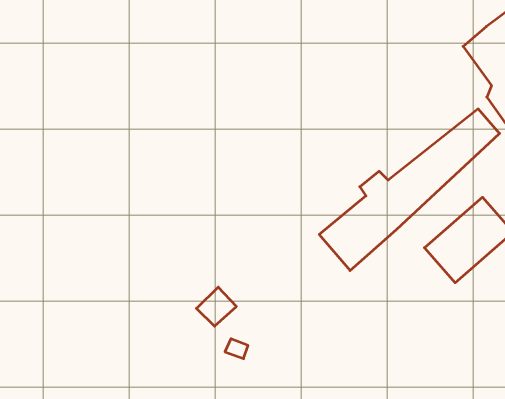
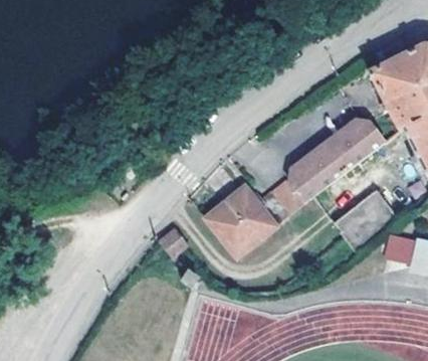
building: none -> [207,186,276,255]

